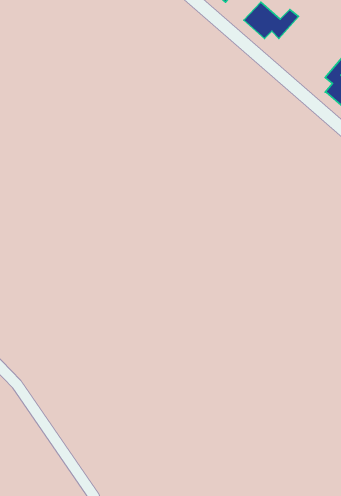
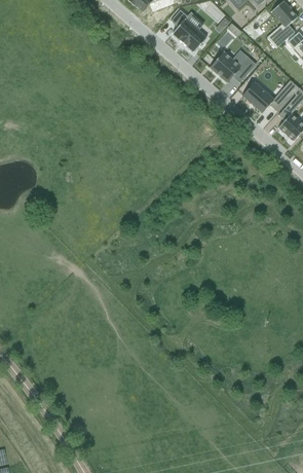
building: none -> [242,81,287,112]

